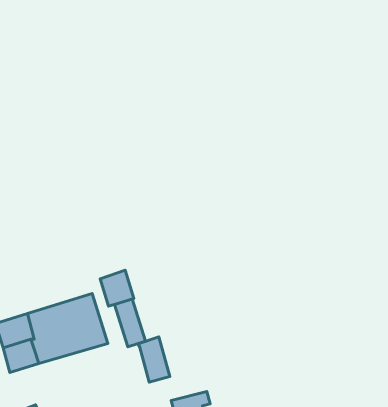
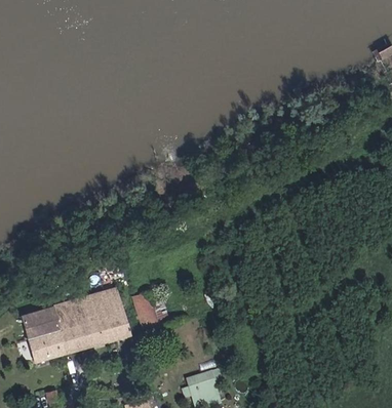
building: [100,270,134,306] -> none
building: [138,337,170,382] -> none

